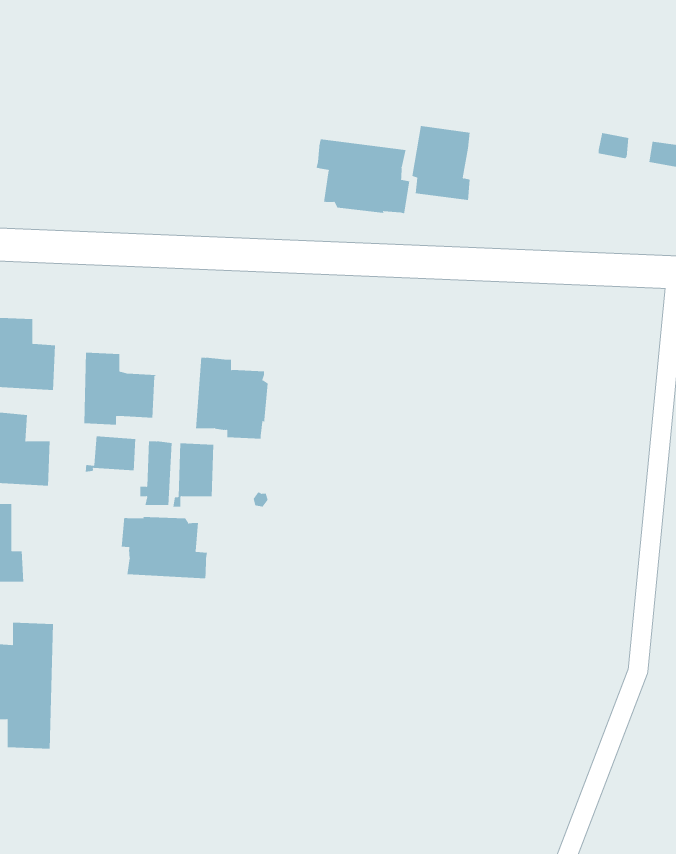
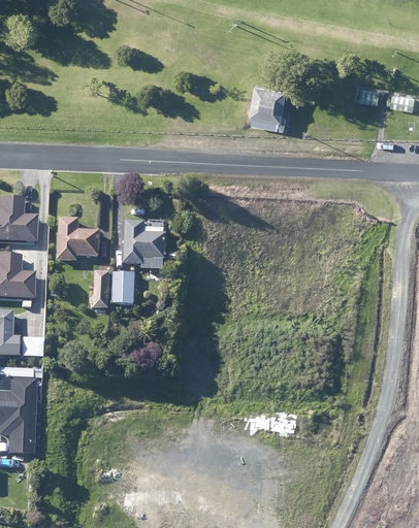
building: [316,138,410,214] -> none
building: [85,436,136,472] -> none
building: [121,516,207,579] -> none

